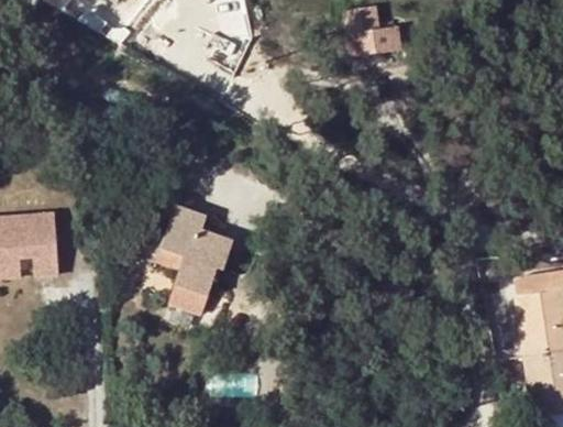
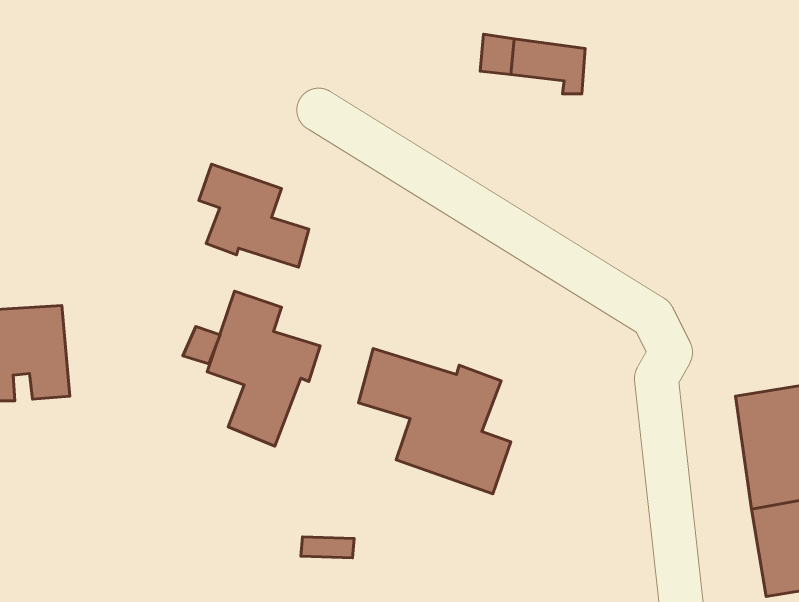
building: none -> [199,164,309,267]
building: none -> [359,349,511,494]

